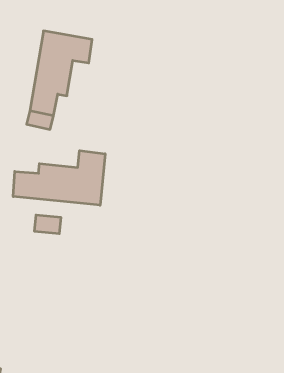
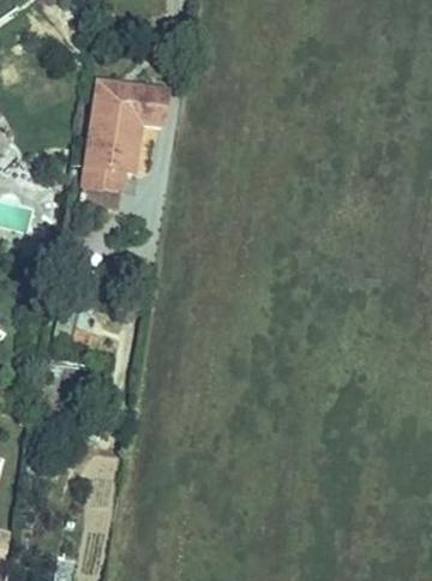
building: [13,151,105,205] -> none

